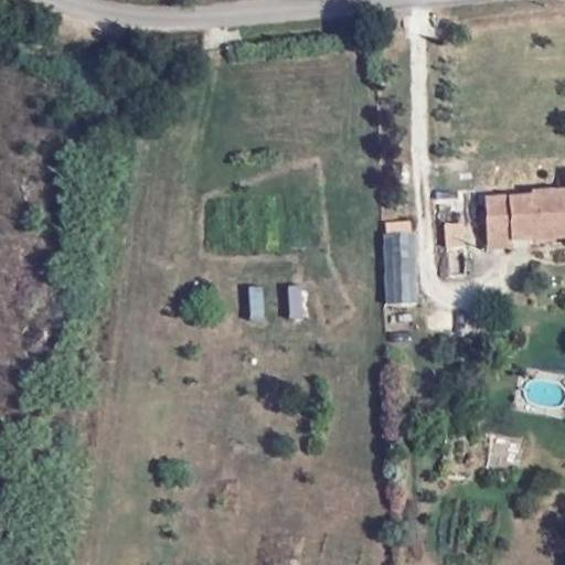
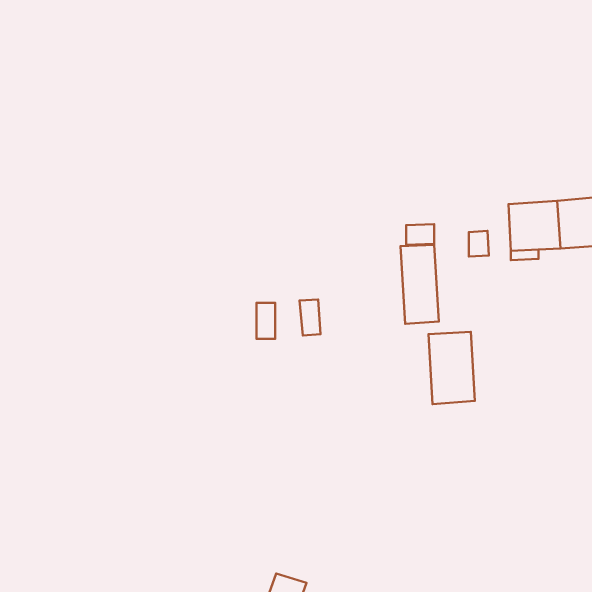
building: none -> [428,332,475,404]

